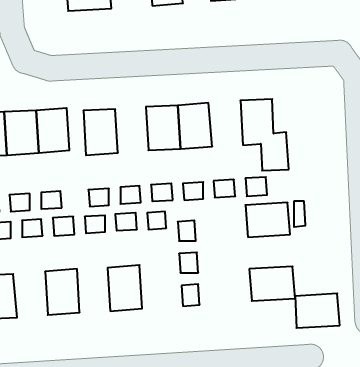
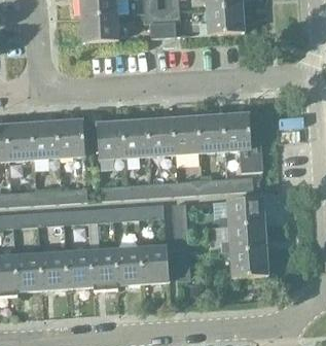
building: none -> [197,114,225,151]
building: none -> [122,119,149,157]
building: none -> [142,245,170,282]
building: none -> [92,249,119,290]
building: none -> [40,252,68,289]
building: [295,293,340,328] -> [229,222,265,250]

